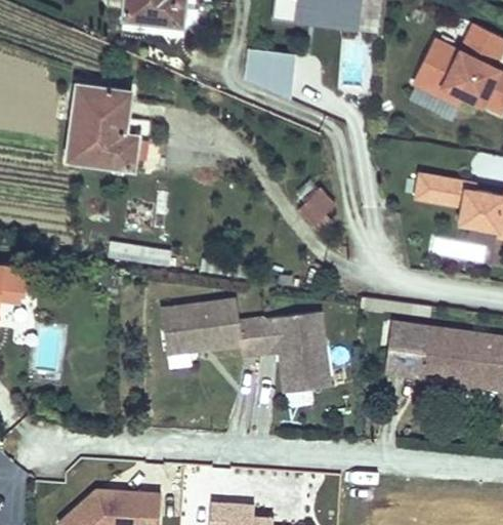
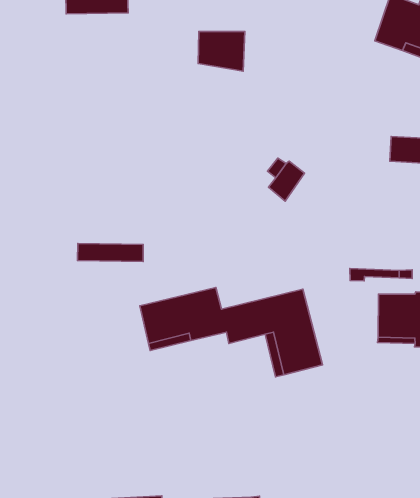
building: [67,83,138,169] -> none

